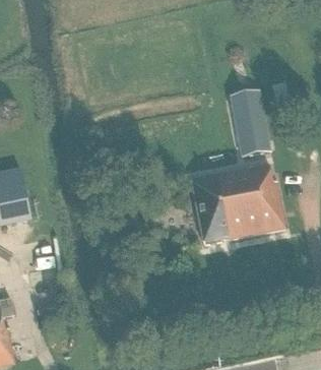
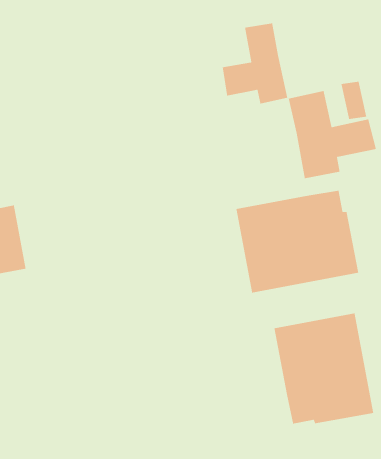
building: none -> [222,22,288,104]
building: none -> [274,312,374,425]

